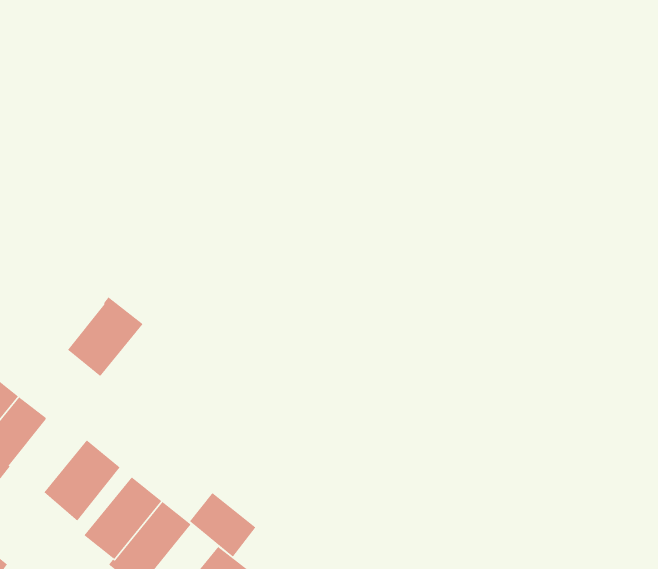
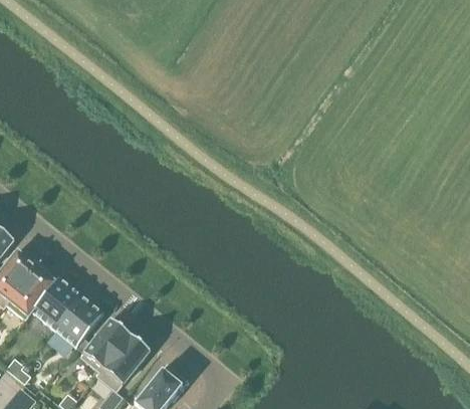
building: [66,296,144,377] -> [31,276,81,329]
building: [189,492,256,558] -> none

